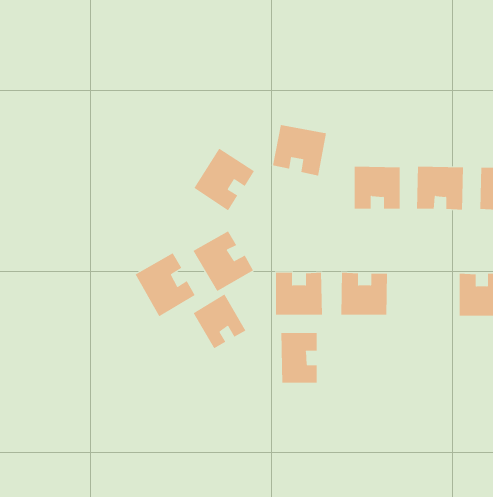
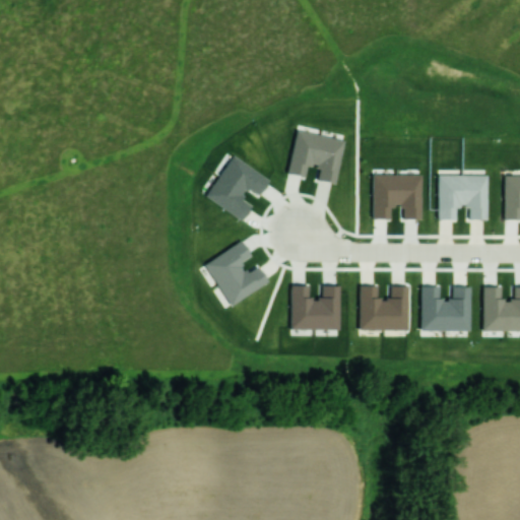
building: [135,252,195,317] -> none
building: none -> [421,285,470,330]
building: [193,293,246,349] -> none
building: [281,332,317,384] -> none

